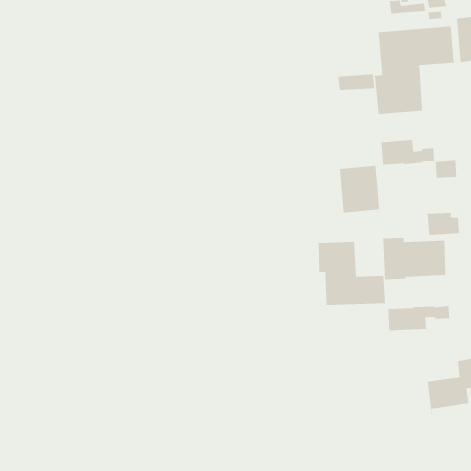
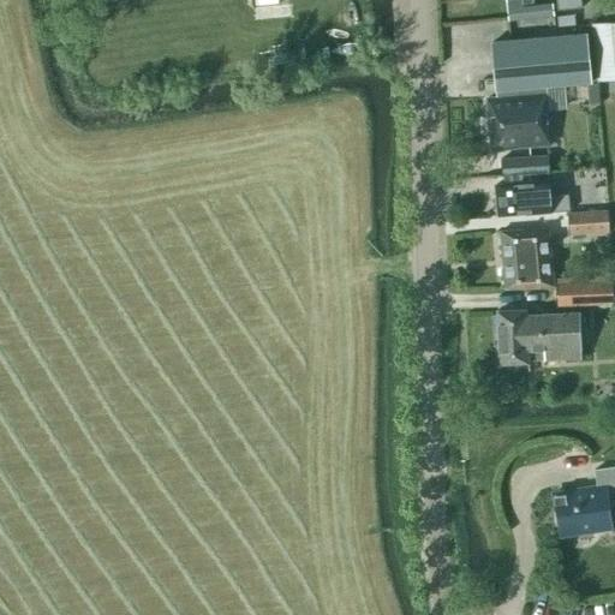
building: [337,74,375,90] -> [501,155,550,177]
building: [339,165,380,213] -> [501,226,554,288]
building: [318,241,385,306] -> none
building: [388,305,450,331] -> none

